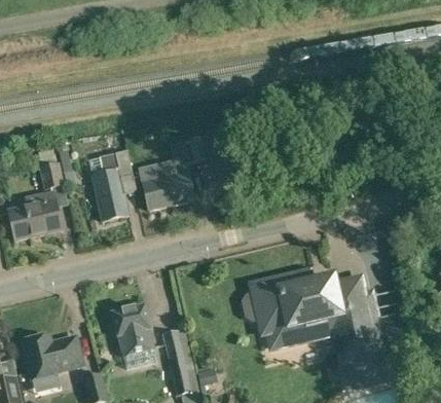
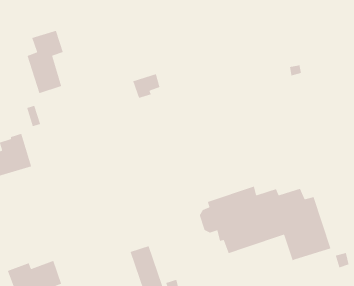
building: [90,149,133,219] -> [26,30,64,94]
building: [140,171,192,209] -> none
building: [110,302,153,354] -> none

